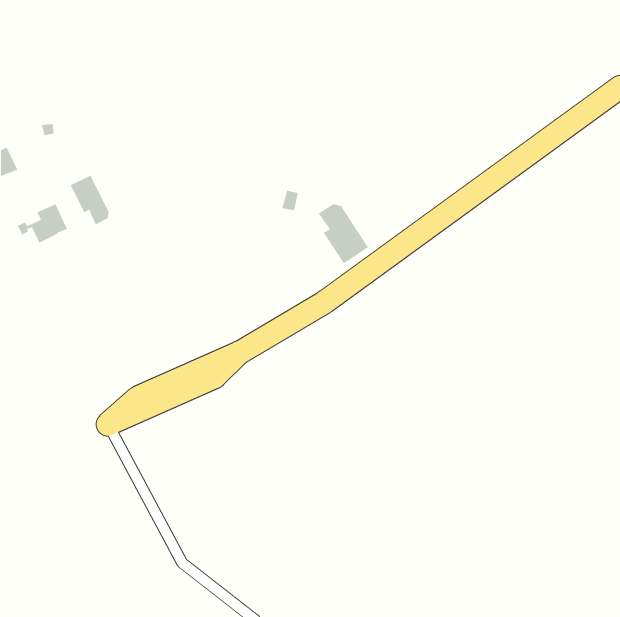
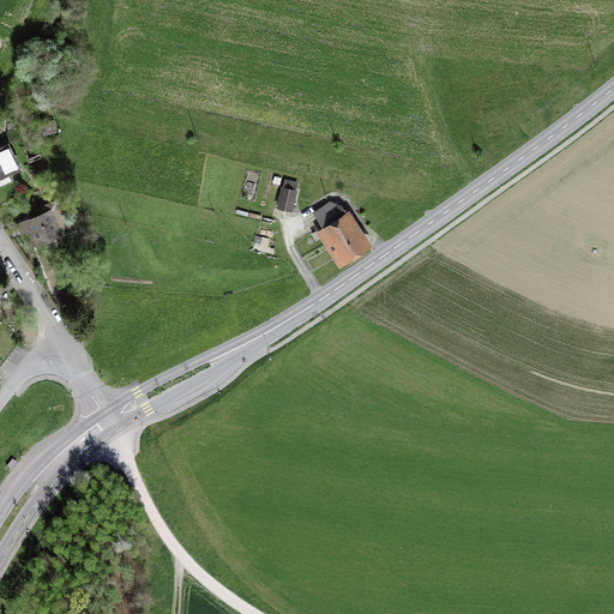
building: [70,175,109,225] -> none

